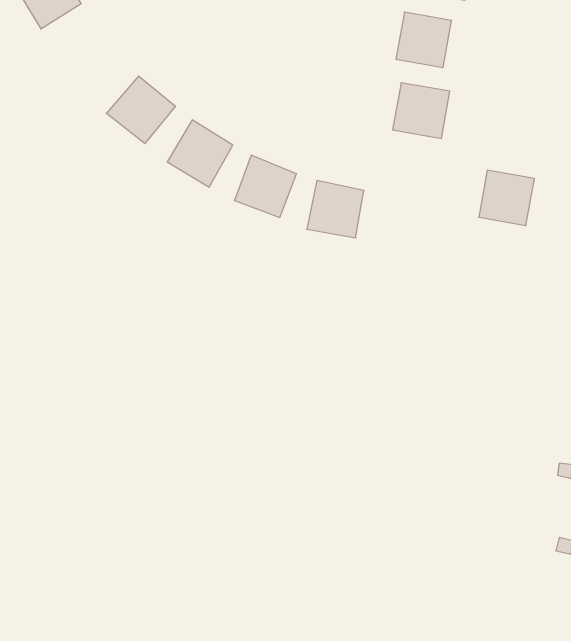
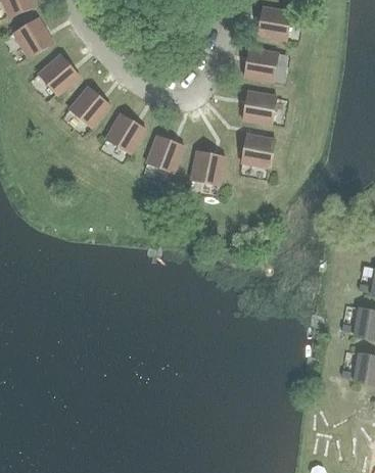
building: none -> [38,54,80,96]
building: [479,170,534,226] -> [241,134,275,168]

